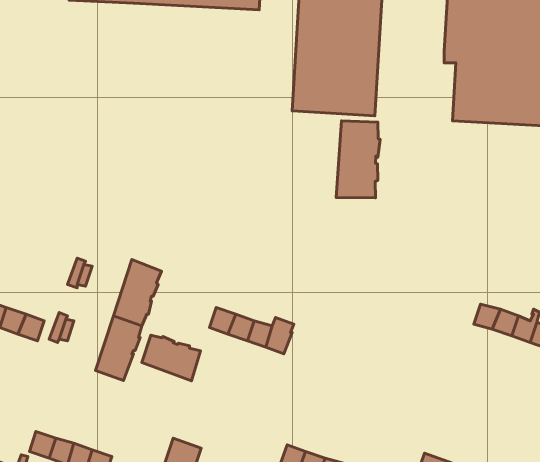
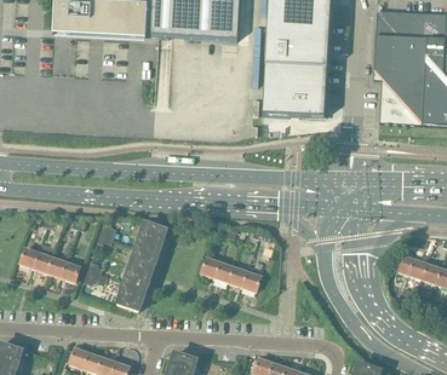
building: [336,121,380,198] -> none
building: [142,335,201,381] -> none

